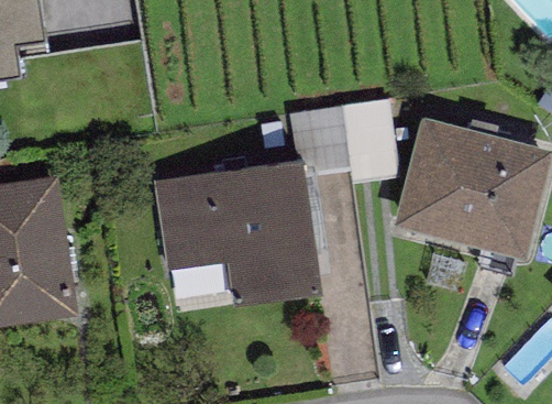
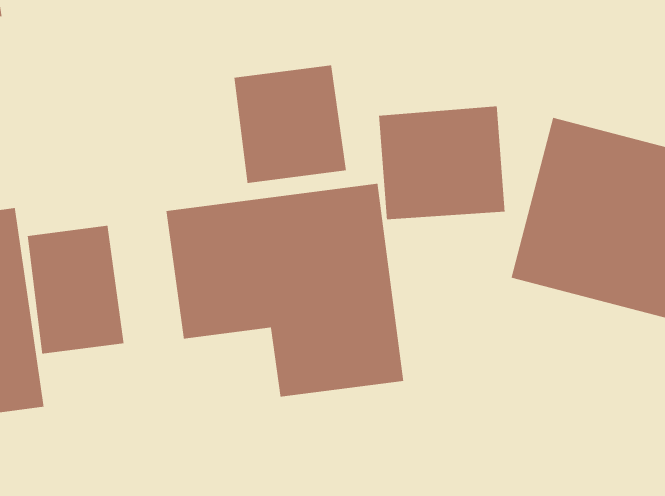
building: none -> [234,65,347,184]
building: none -> [27,225,124,355]

